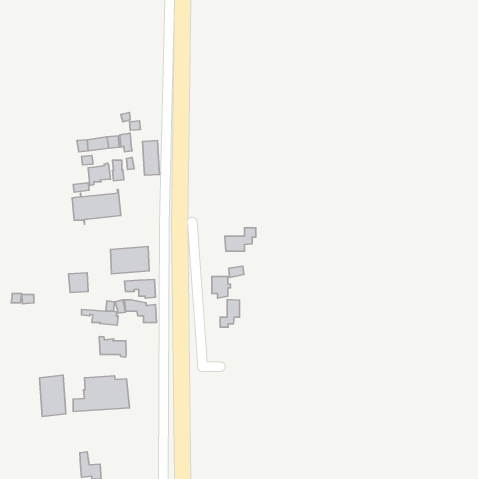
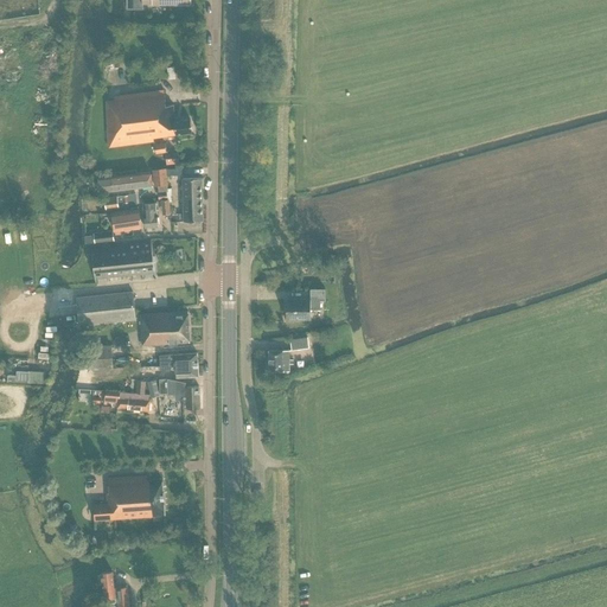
building: none -> [106,90,191,147]
building: none -> [75,292,135,326]
building: [220,299,240,327] -> none
building: [99,336,126,357] -> none
building: [40,375,66,416] -> none

